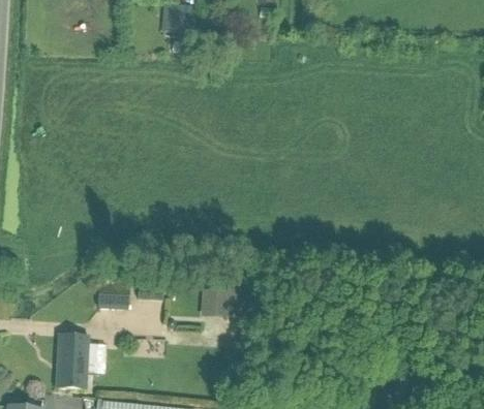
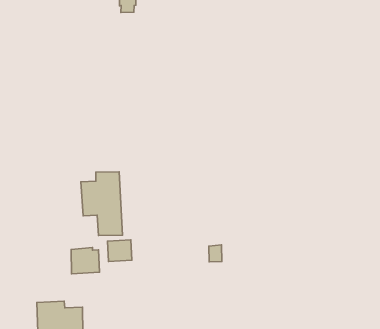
building: none -> [81,172,122,236]
building: [200,287,230,317] -> none

